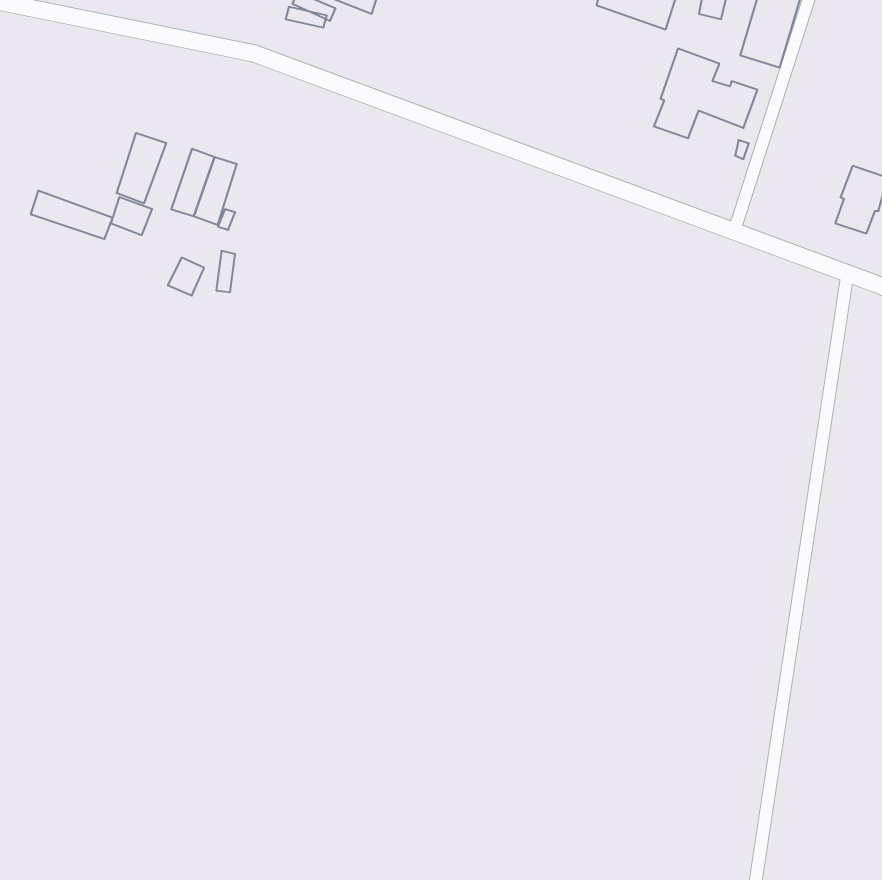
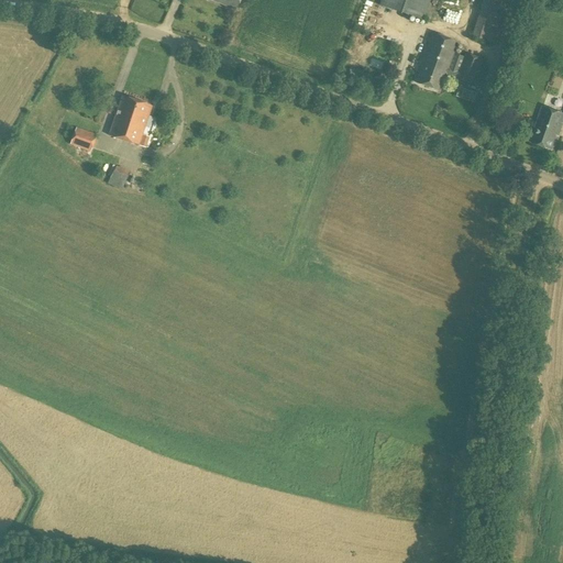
building: [117,133,166,203] -> none
building: [31,190,112,239] -> none

